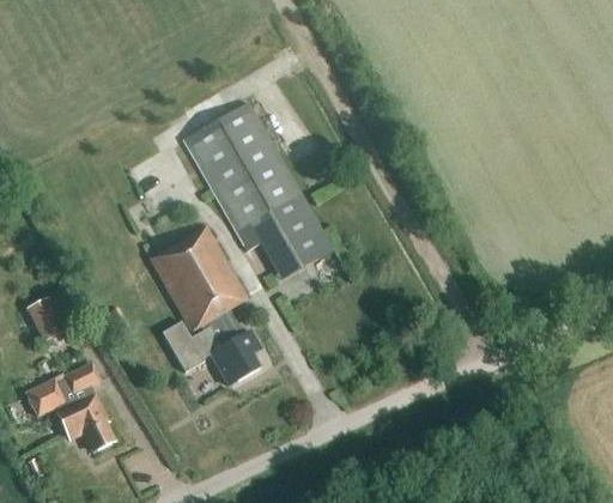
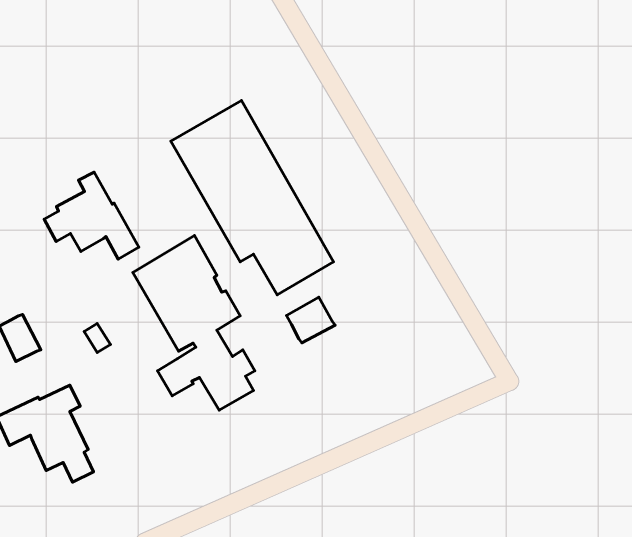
building: none -> [44,172,139,259]
building: none -> [286,297,335,343]

